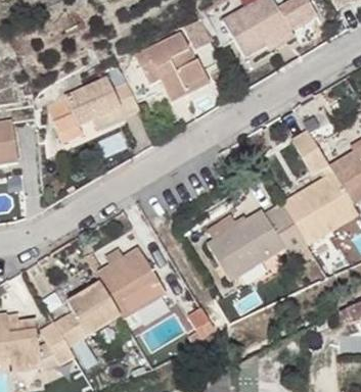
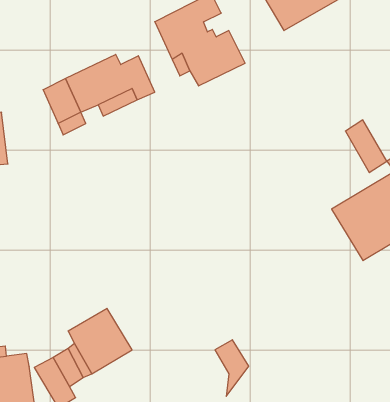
building: [209,201,309,279] -> none
building: [95,246,168,318] -> none

